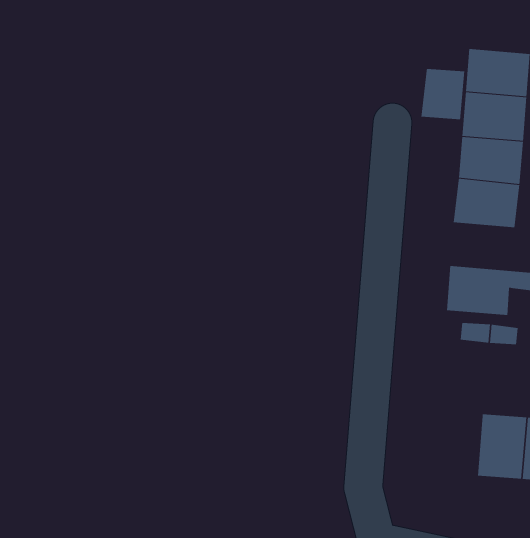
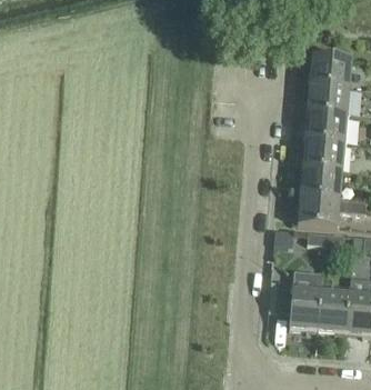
building: [421,68,465,120] -> none
building: none -> [300,166,342,197]
building: none -> [277,269,322,329]

